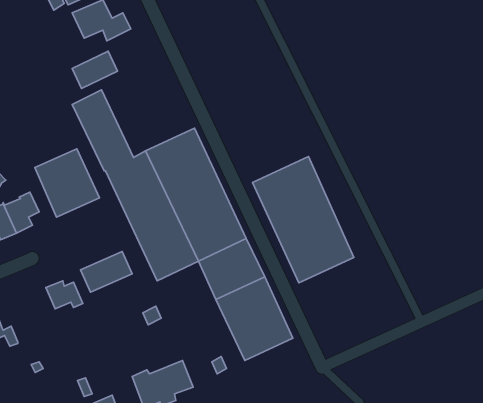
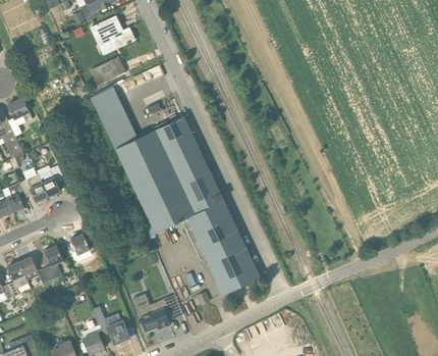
building: [35,149,99,217] -> none
building: [252,156,354,283] -> none
building: [80,252,132,292] -> none
building: none -> [43,245,63,281]

